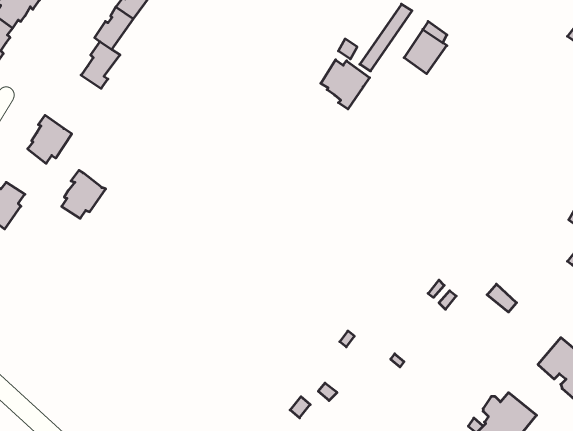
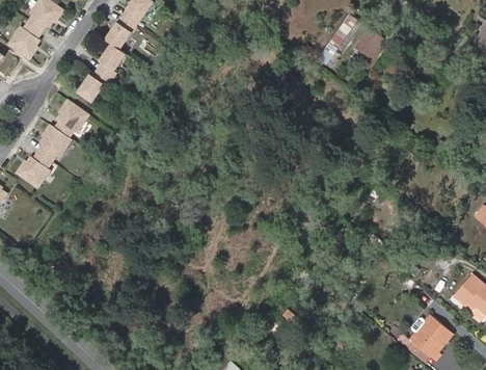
building: [321,60,370,109] -> none
building: none -> [79,69,113,101]
building: [62,170,106,218] -> [39,124,74,161]

